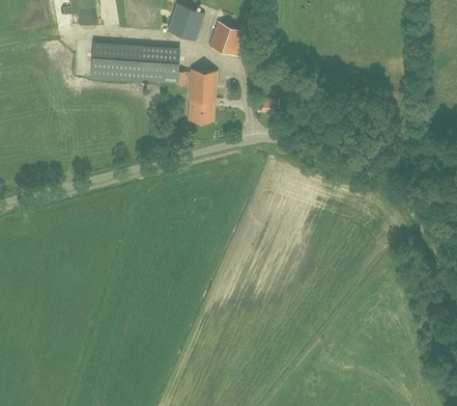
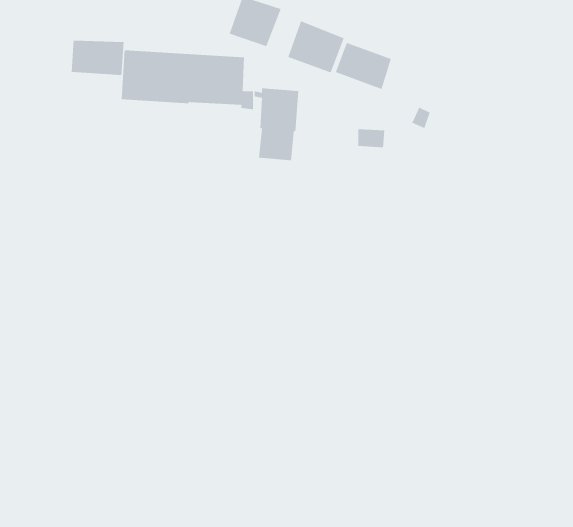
building: none -> [71,40,124,76]
building: none -> [335,42,392,90]

